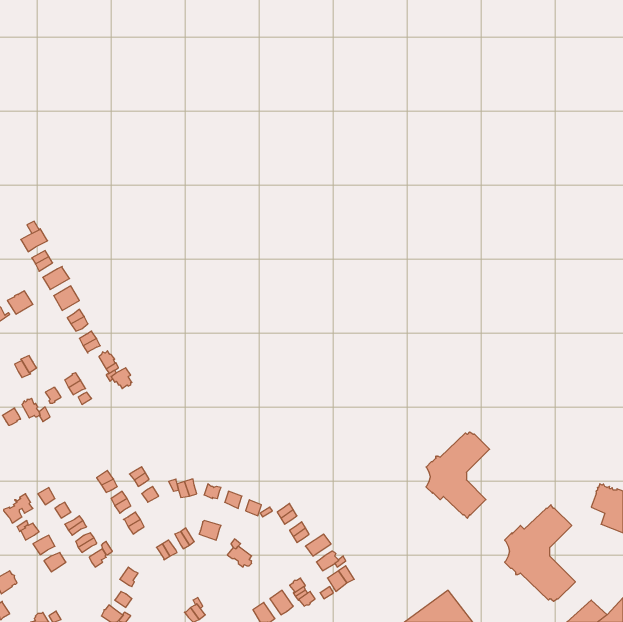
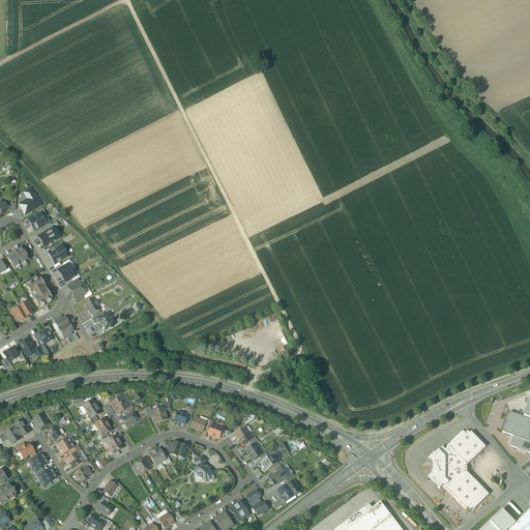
building: none -> [25,276,51,305]
building: [426,432,490,518] -> none

